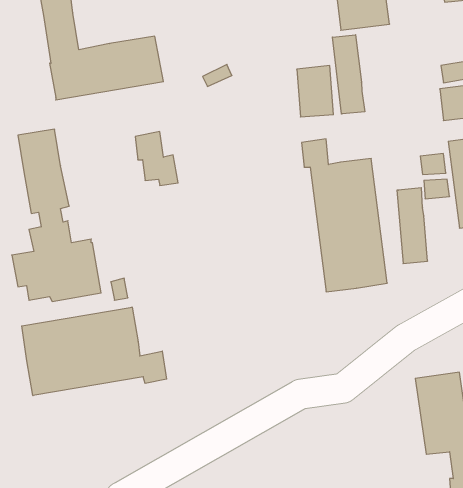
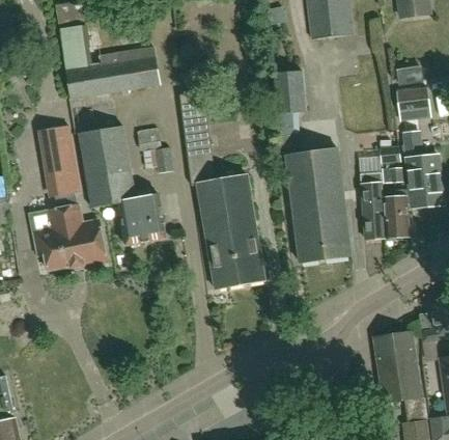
building: [332,35,365,114] -> none
building: none -> [178,91,264,288]
building: none -> [77,127,165,246]
building: none -> [382,192,408,237]
building: [22,307,167,396] -> none

